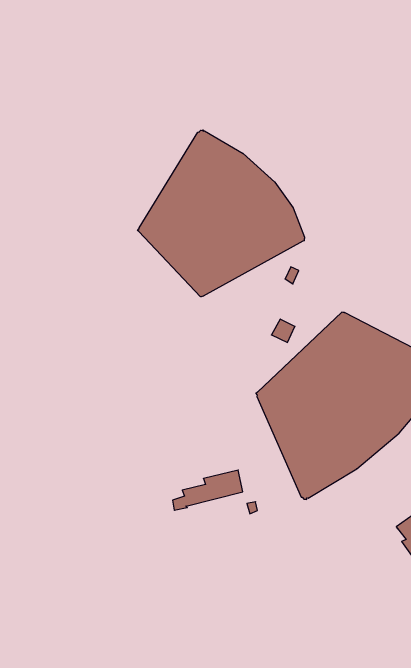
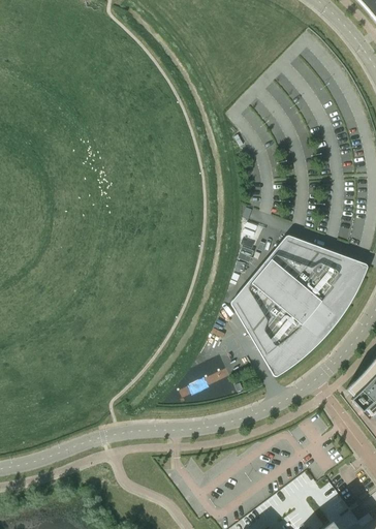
building: [138,130,305,297] -> none

